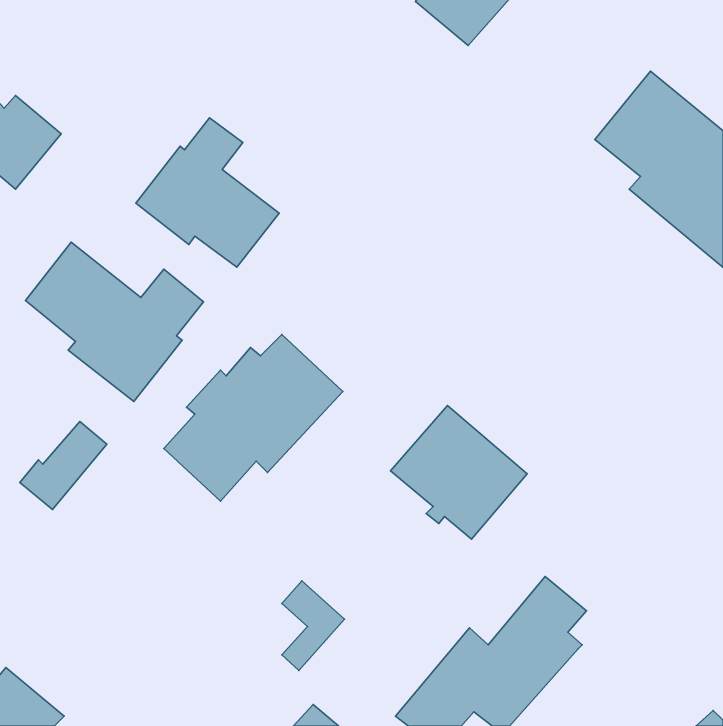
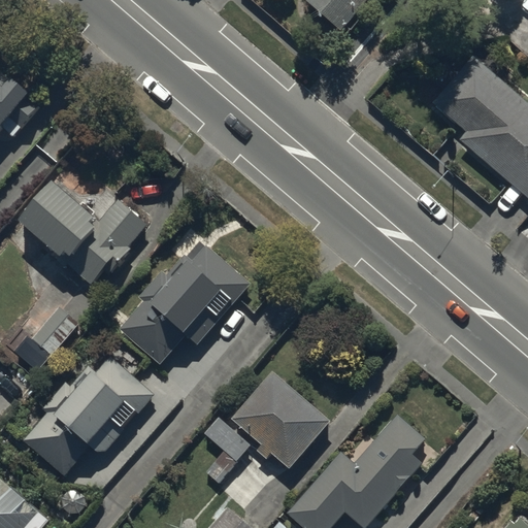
building: [136,118,279,267] -> none
building: [391,405,527,539] -> [231,376,330,473]
building: none -> [20,343,152,475]

